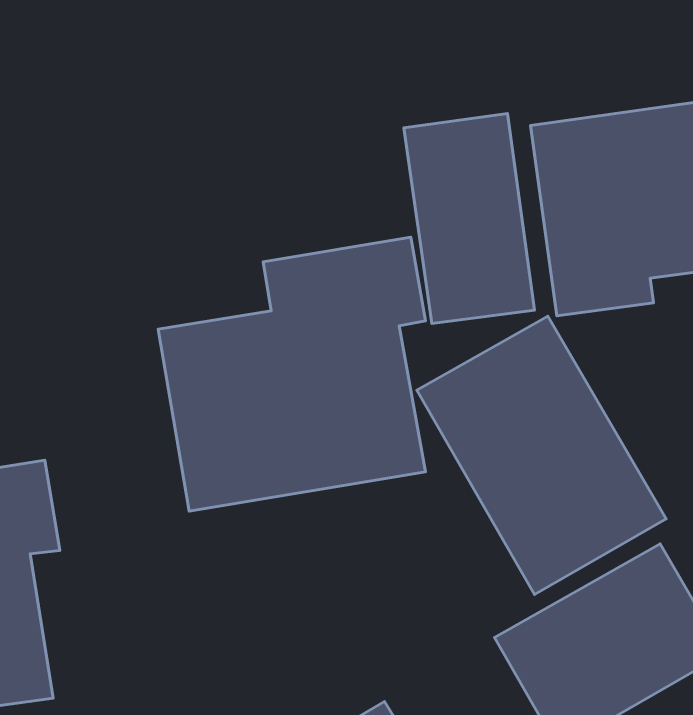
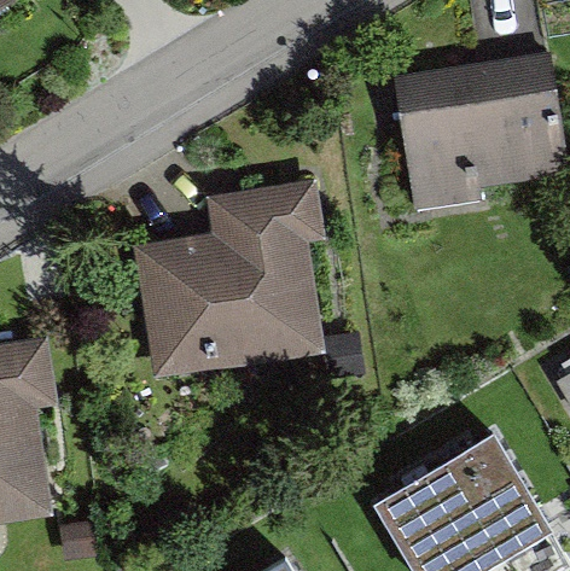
building: [404,114,535,324] -> none
building: [417,316,666,595] -> none

